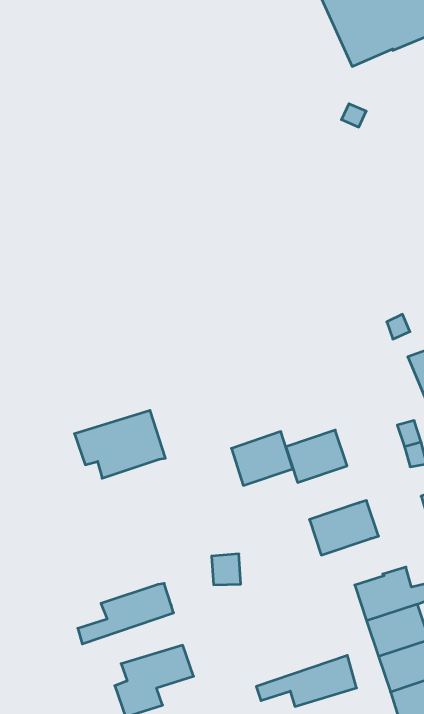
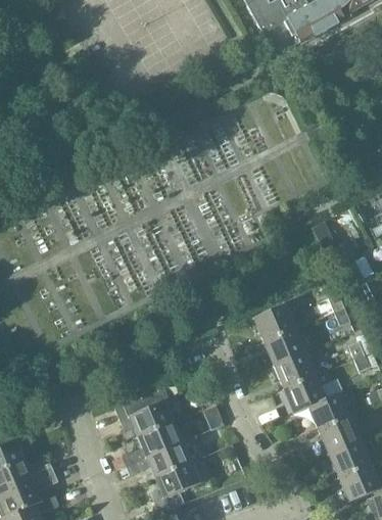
building: [74,410,165,478] -> [114,387,178,436]
building: [231,432,293,485] -> [262,328,305,367]
building: none -> [283,376,327,414]
building: [256,655,357,706] -> [126,438,194,476]

